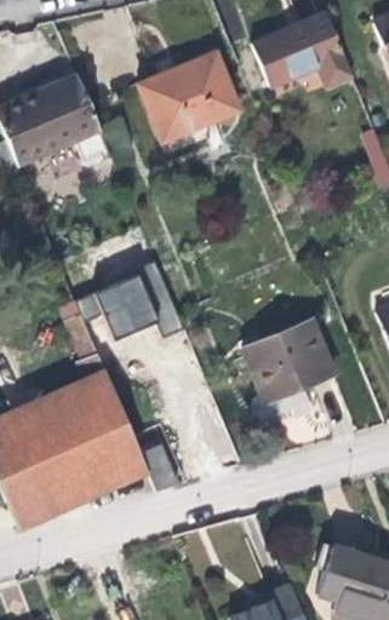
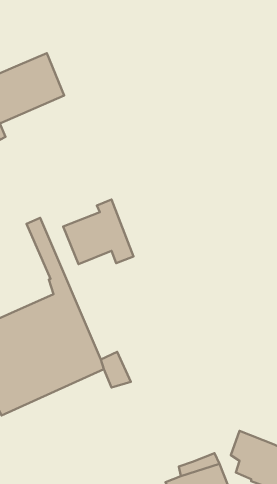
building: [252,16,356,88] -> none
building: [137,48,241,142] -> none
building: [245,326,336,407] -> none

